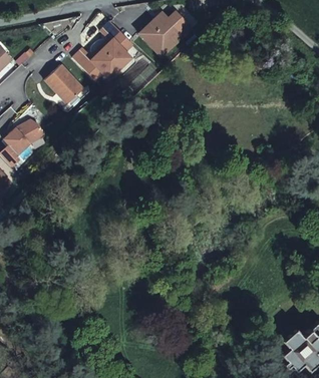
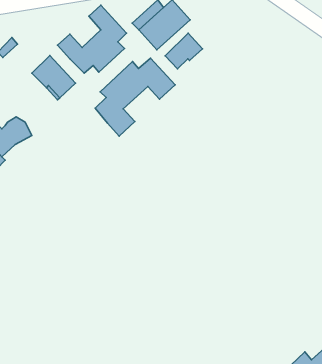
building: none -> [165,33,203,69]
building: none -> [95,58,175,136]

